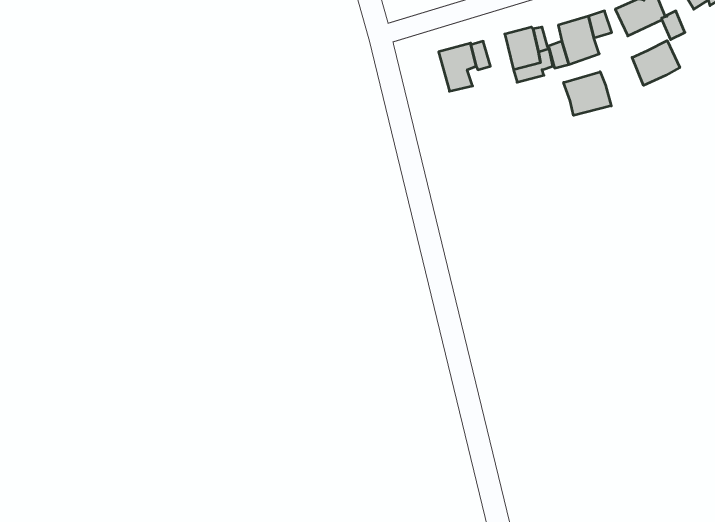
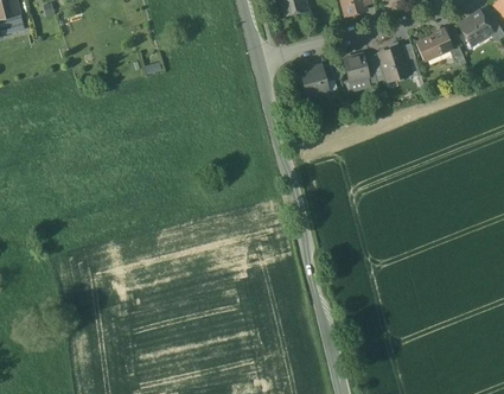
building: [632,41,680,85] -> none
building: [564,72,611,115] -> none

